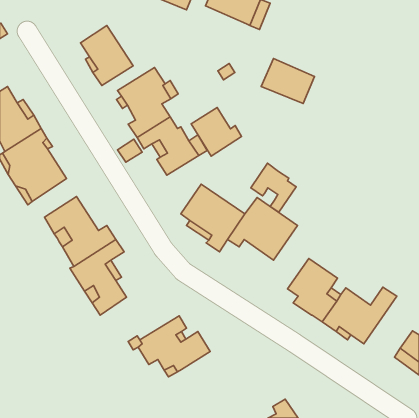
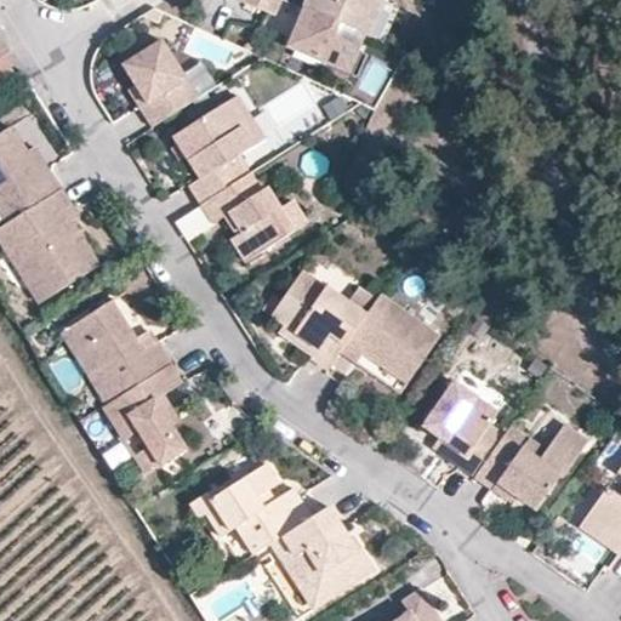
building: [261,58,315,104] -> [285,8,364,75]
building: [191,108,242,156] -> none
building: [251,163,296,212] -> none
building: none -> [268,508,374,608]

